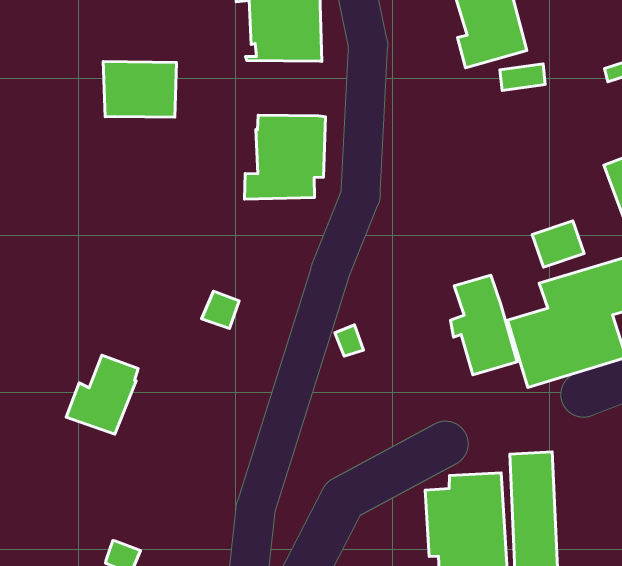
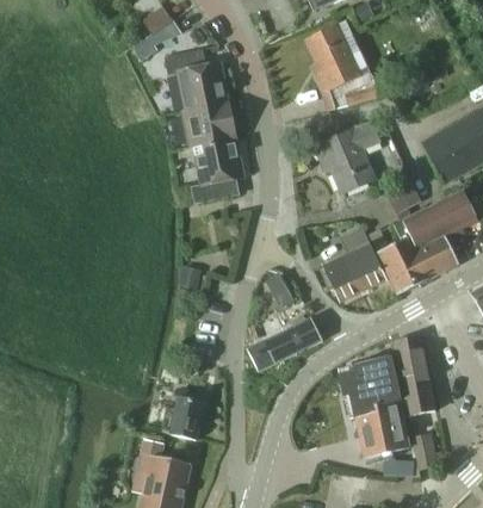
building: [103,62,176,117] -> [180,104,233,147]
building: none -> [314,123,378,194]
building: none -> [323,259,360,301]
building: [66,355,138,434] -> [161,388,203,438]
building: none -> [248,311,321,366]

